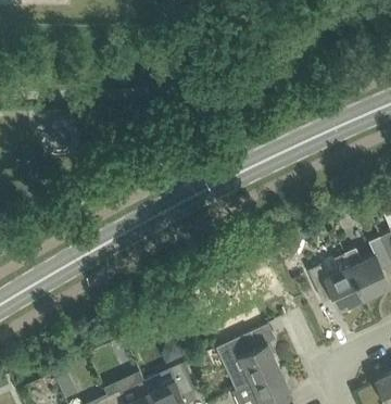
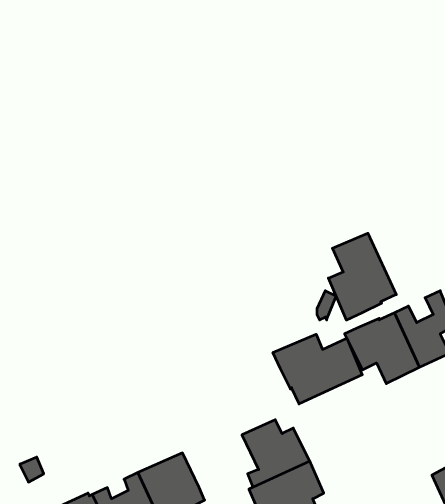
building: none -> [328,233,396,320]
building: none -> [273,334,362,404]

